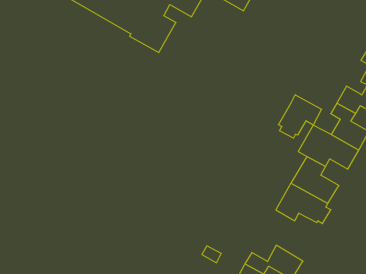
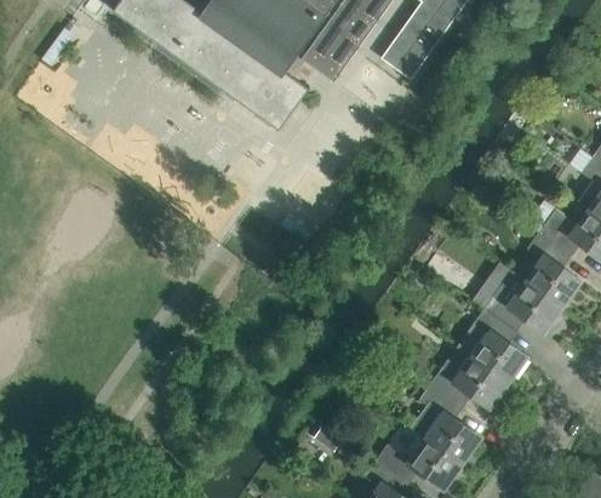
building: [278,95,322,138] -> none
building: none -> [411,384,486,465]

